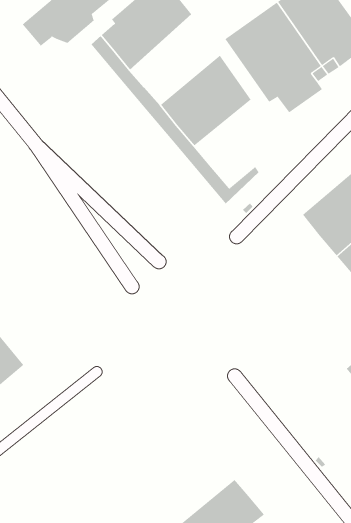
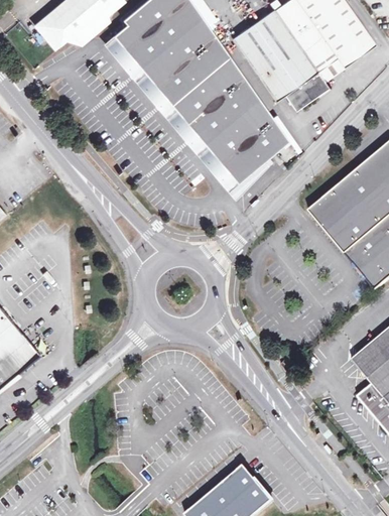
building: none -> [142,14,230,102]
building: none -> [205,97,301,182]

